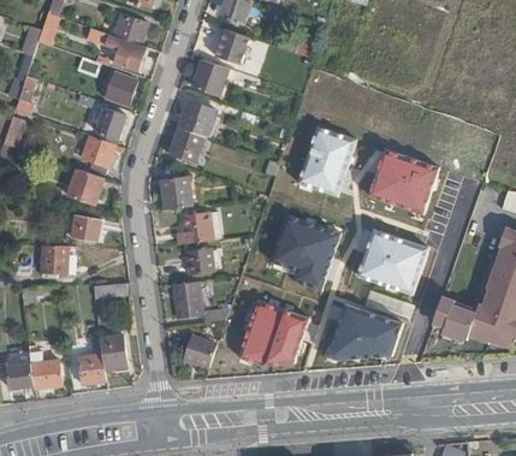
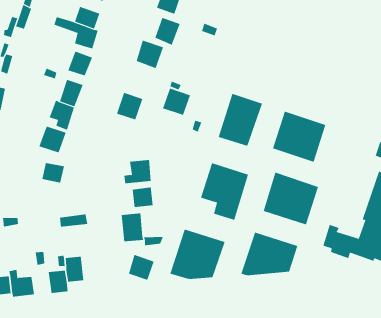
building: [177,99,214,135] -> [162,88,191,116]
building: [161,174,191,207] -> none
building: [41,245,67,278] -> none

